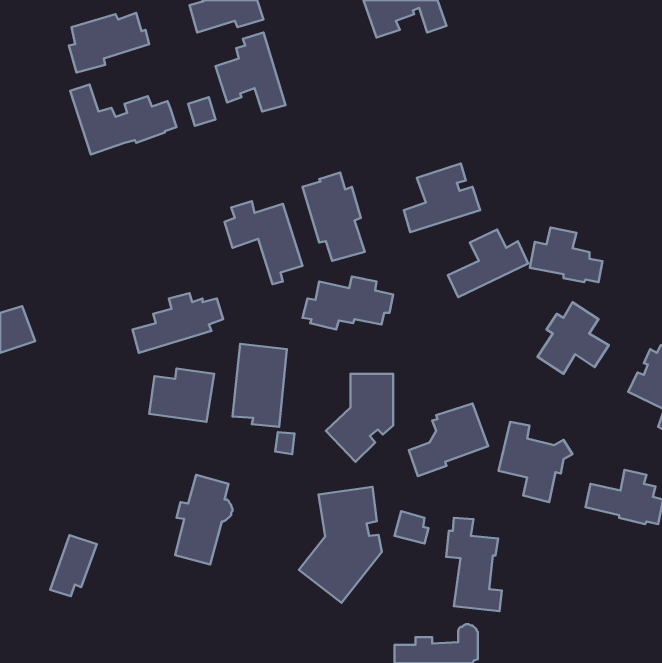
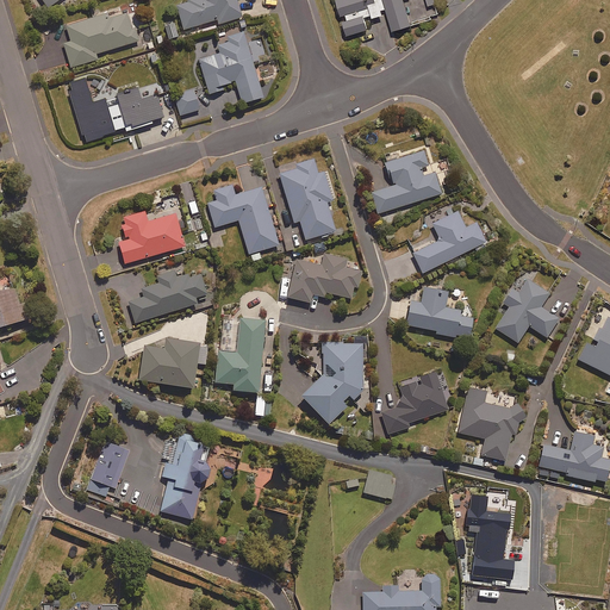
building: [530,228,602,282] -> [405,287,472,337]
building: none -> [118,211,185,263]
building: [299,487,382,603] -> none
building: [446,518,502,611] -> [465,494,516,580]
building: [50,535,97,596] -> [88,440,131,496]

